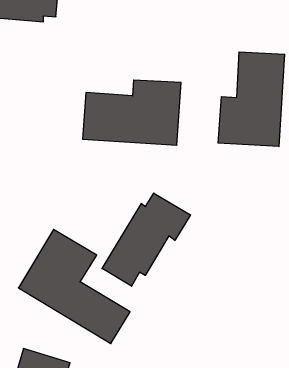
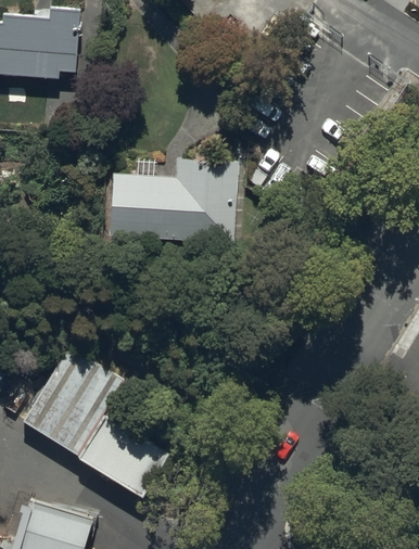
building: [218,52,285,147] -> none
building: [102,193,191,286] -> none

